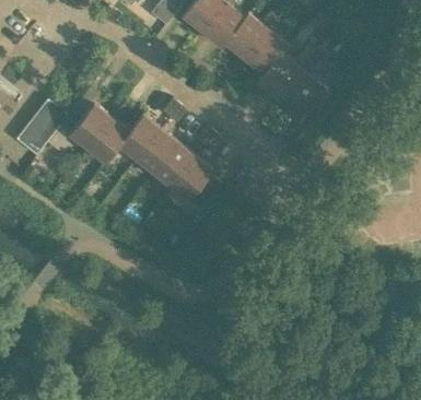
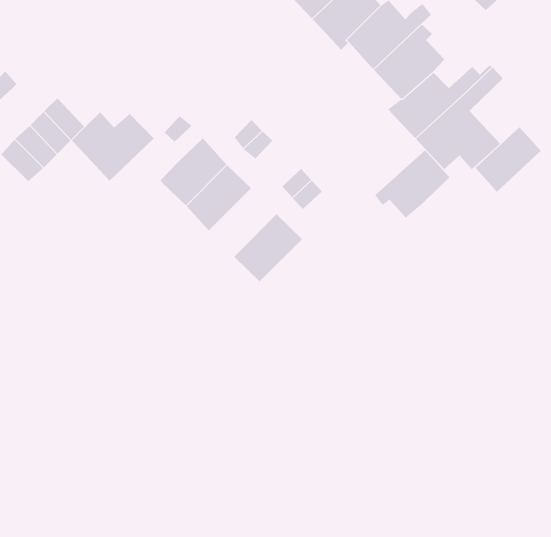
building: none -> [475,126,542,192]
building: none -> [375,149,450,218]
building: [87,118,129,163] -> none
building: [154,142,196,187] -> none

